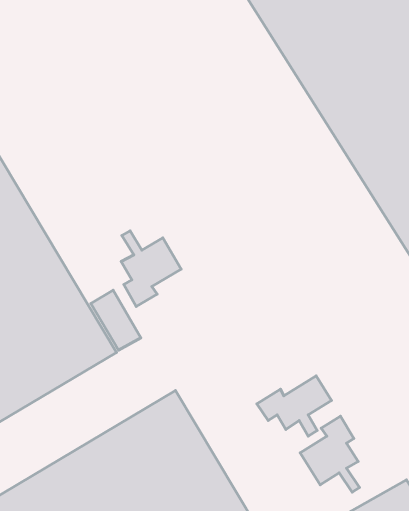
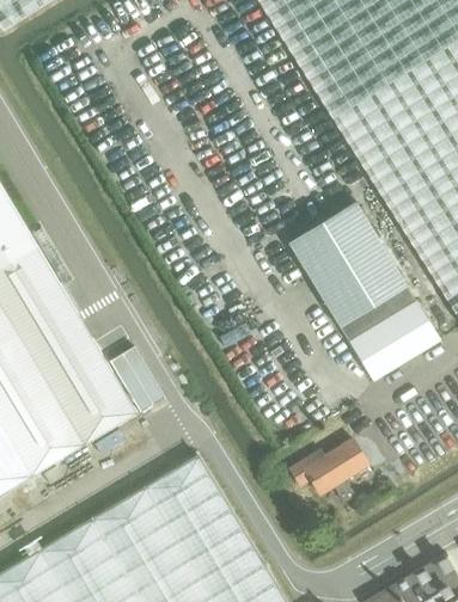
building: none -> [287,202,440,382]
building: [121,231,181,307] -> none
building: [300,416,359,492] -> none

